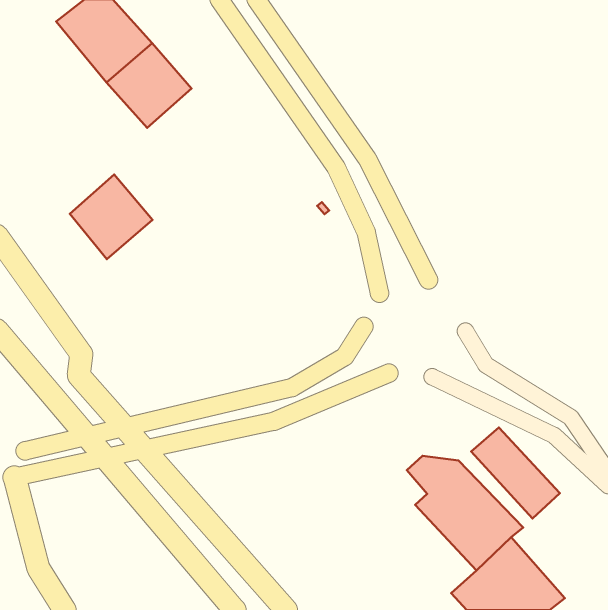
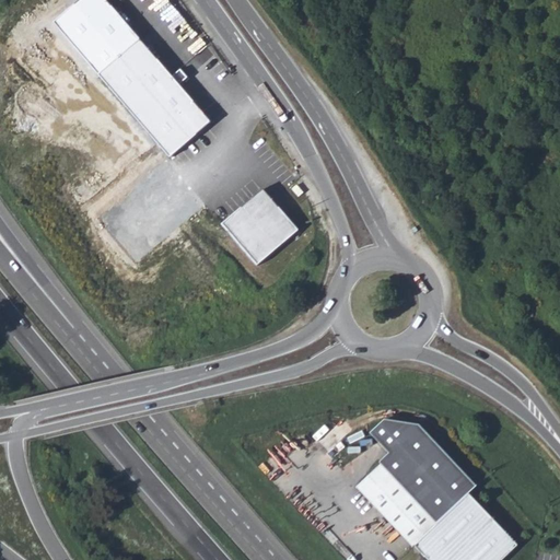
building: [70,174,152,259] -> [135,81,210,159]
building: none -> [220,189,298,266]
building: [471,428,560,518] -> [354,462,435,545]

